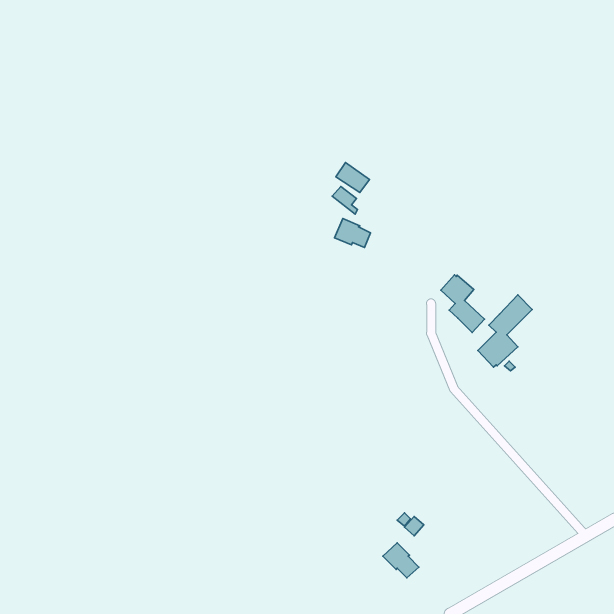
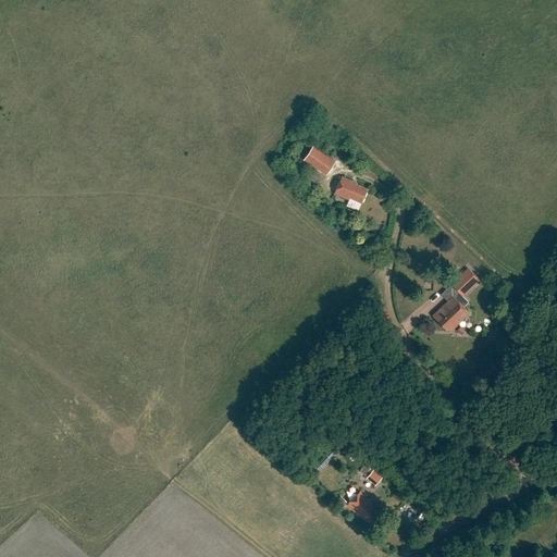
building: [334,218,371,247] -> [334,176,367,202]
building: [441,275,485,333] -> none

